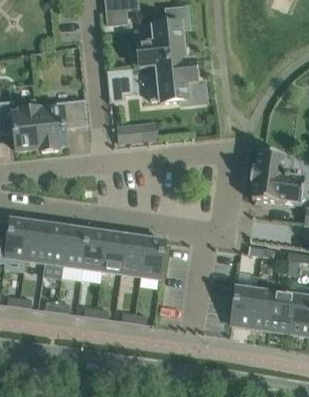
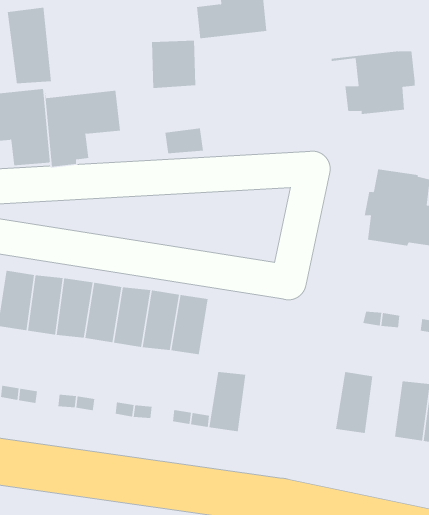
building: none -> [7,7,51,84]
building: [140,59,196,102] -> [331,51,415,115]
building: [140,238,165,278] -> [208,371,246,432]
building: [251,289,275,329] -> none

